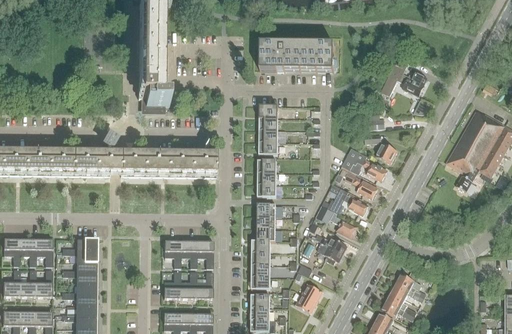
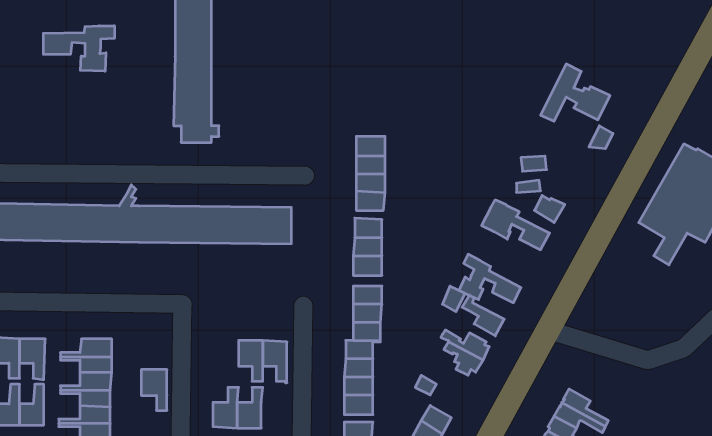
building: none -> [43,26,114,71]
building: [260,42,334,71] -> none
building: [344,169,378,198] -> none
building: [164,240,181,267] -> [141,370,167,410]
building: [196,271,213,298] -> none

